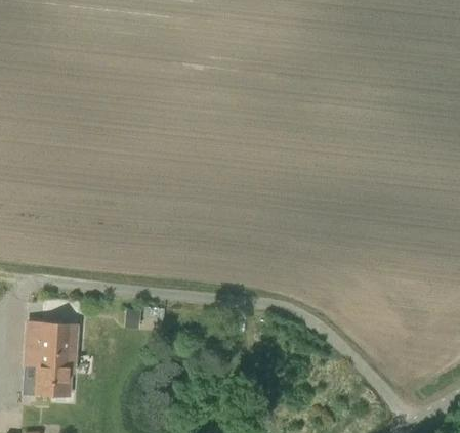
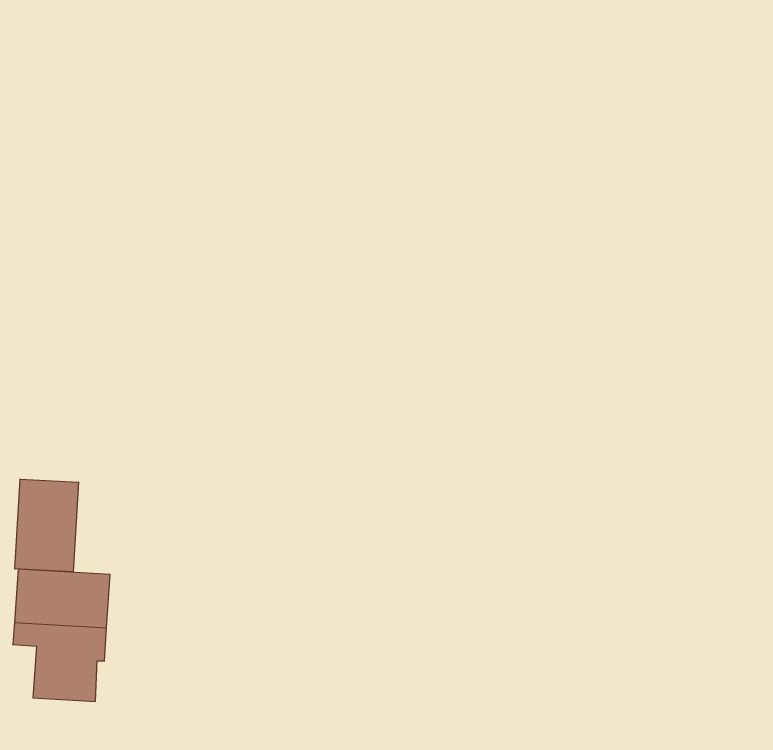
building: none -> [15,479,78,572]

